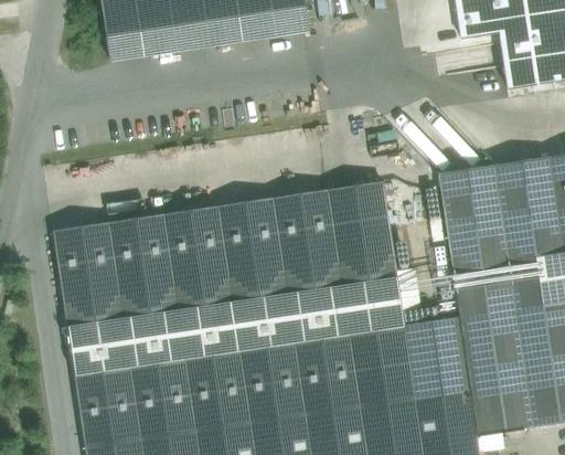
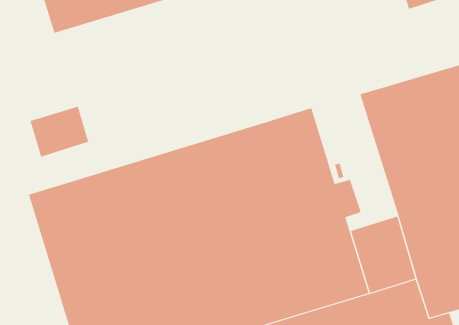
building: none -> [30,106,89,157]

